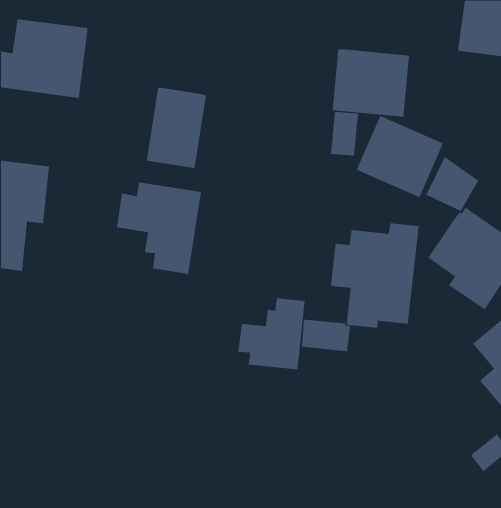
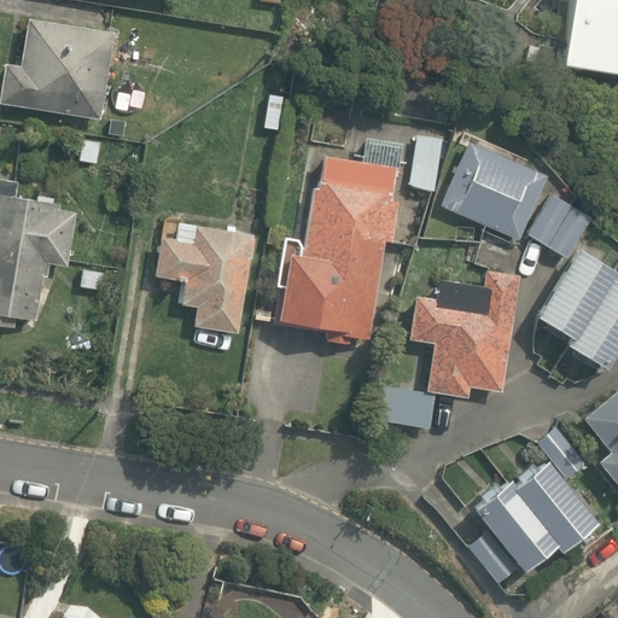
building: [332,49,410,118] -> none
building: [146,87,207,169] -> none
building: none -> [268,154,398,334]
building: [238,298,305,370] -> none
building: none -> [472,459,602,577]

